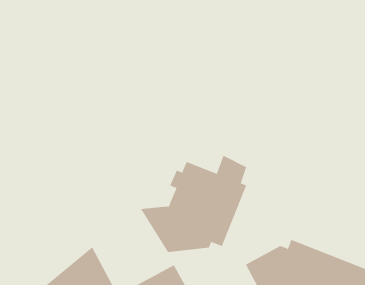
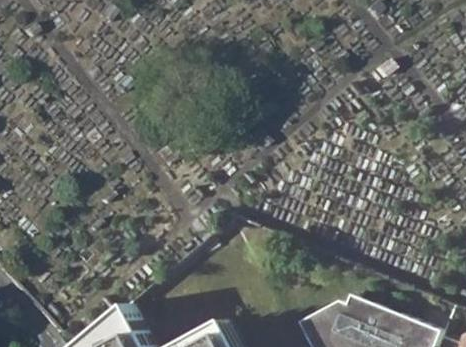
building: [140,155,247,253] -> none

